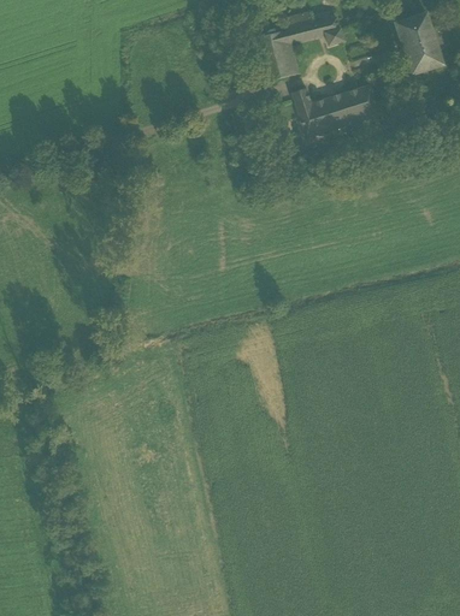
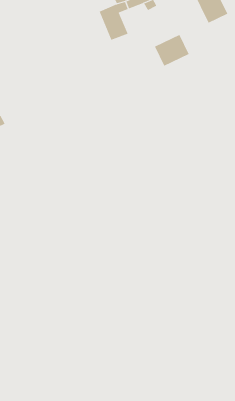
building: [291,88,341,137] -> none

